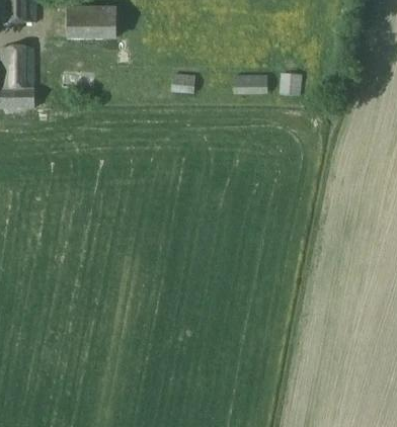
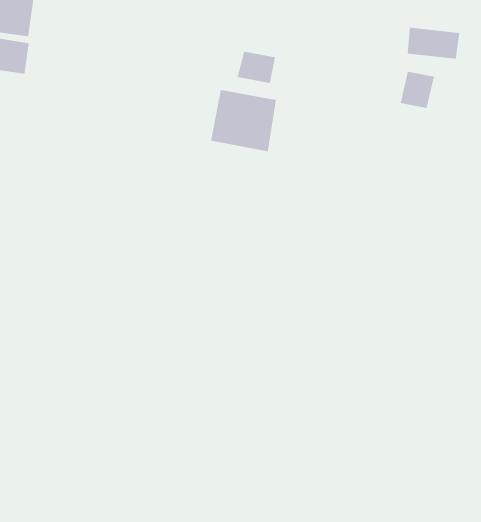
building: [233,76,266,94] -> [407,27,460,59]
building: none -> [211,89,276,152]

